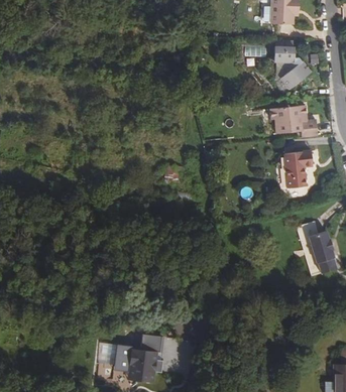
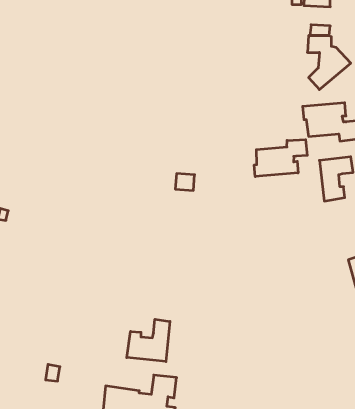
building: none -> [254,140,307,177]
building: none -> [127,319,170,362]

